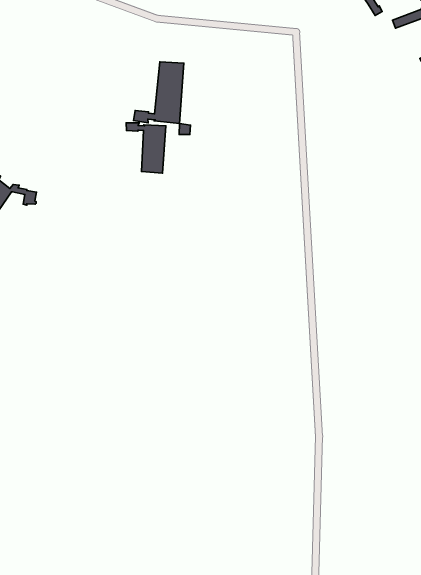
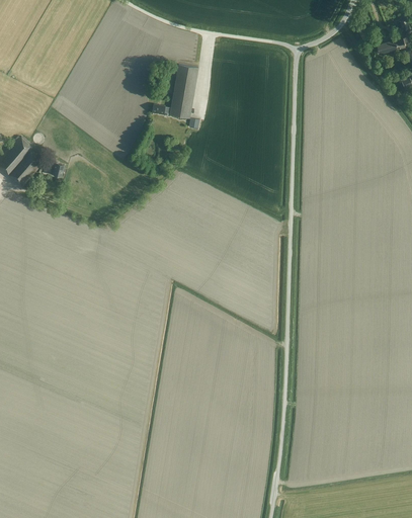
building: [126,123,166,173] -> none

